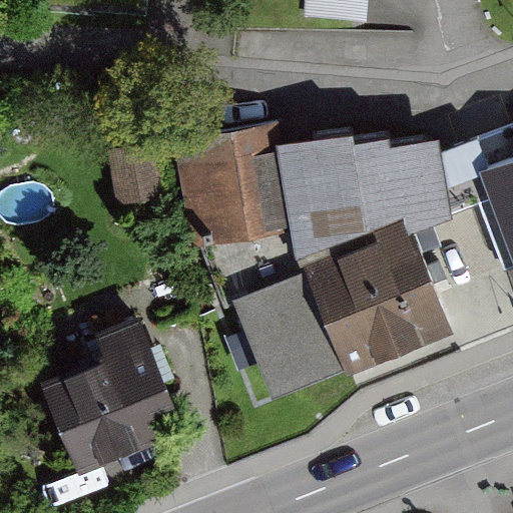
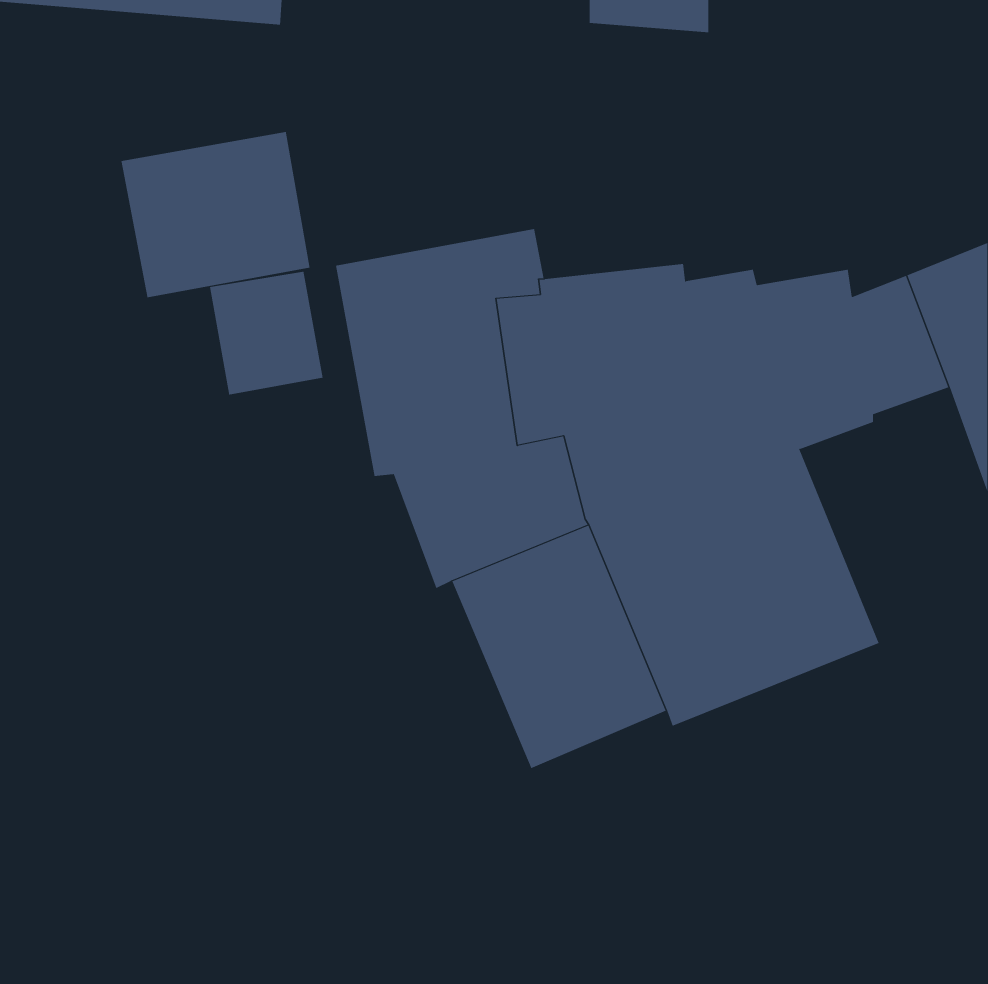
building: none -> [121,131,310,298]
building: [43,320,177,474] -> none

